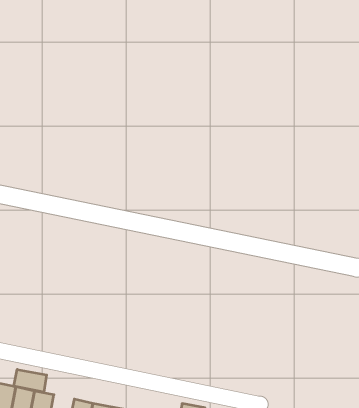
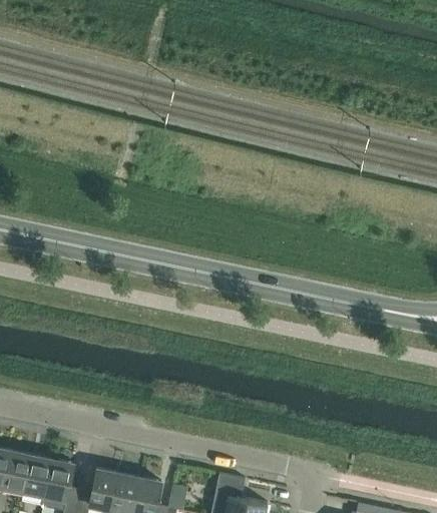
building: [14,369,47,392] -> none

